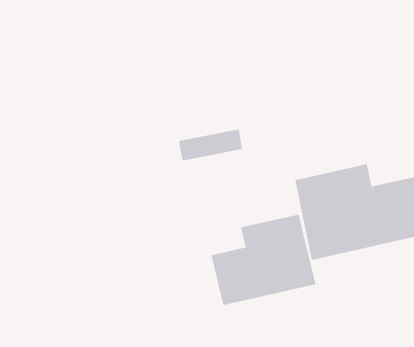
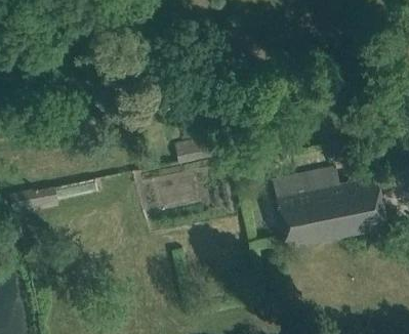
building: [211,214,316,306] -> none

